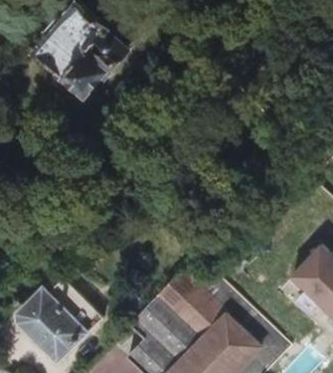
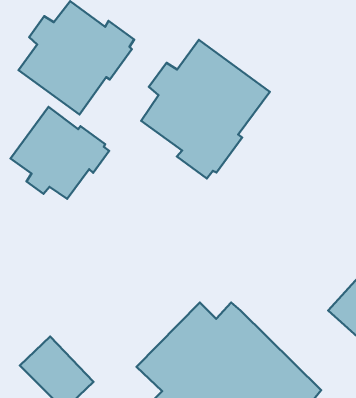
building: none -> [141,40,270,178]
building: none -> [11,107,109,199]

